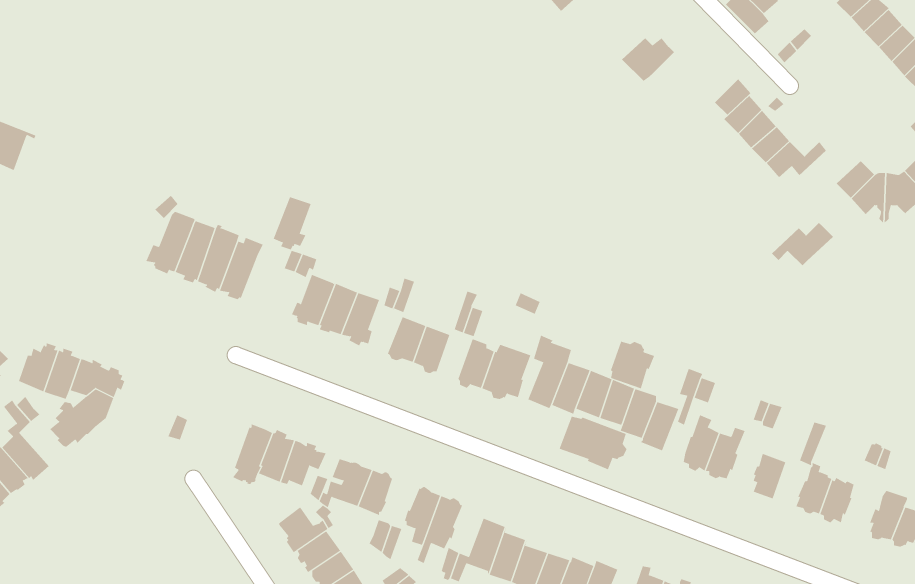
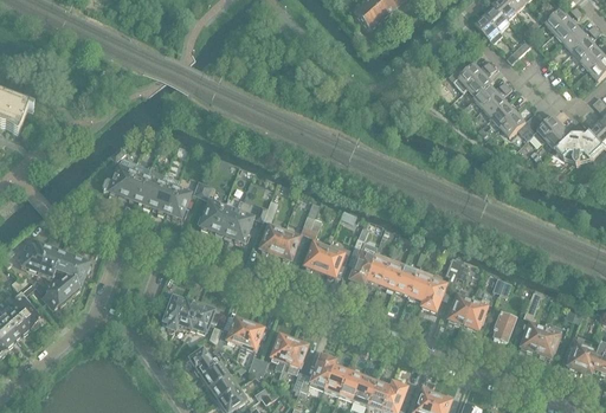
building: [621,37,675,82] -> [450,63,484,91]
building: [273,197,312,250] -> [166,186,191,220]
building: [771,222,834,266] -> [523,115,563,143]
building: [610,341,655,389] -> none
building: [559,416,627,470] -> none

